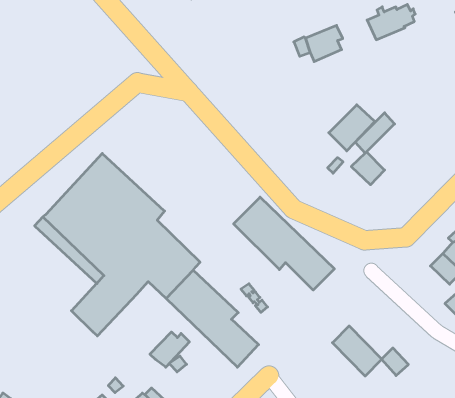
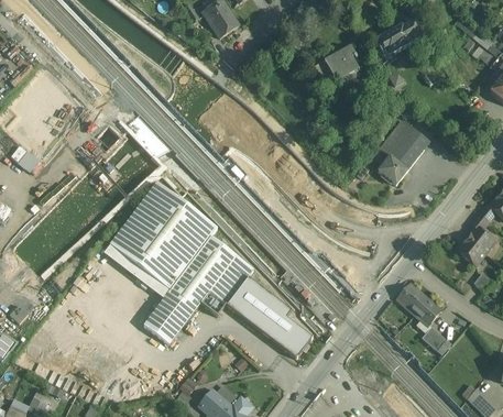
building: [329,105,375,151] -> [389,128,428,169]
building: [234,197,334,290] -> none
building: [332,326,382,376] -> [396,281,441,323]
building: [150,332,189,367] -> none

